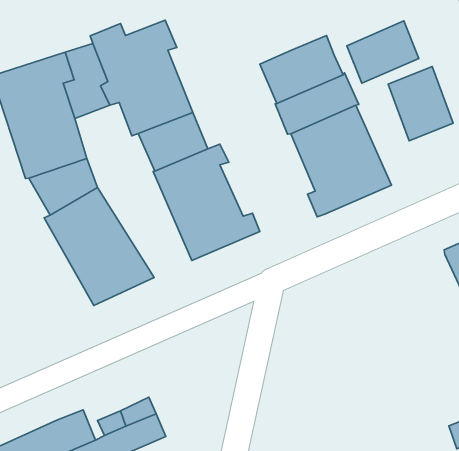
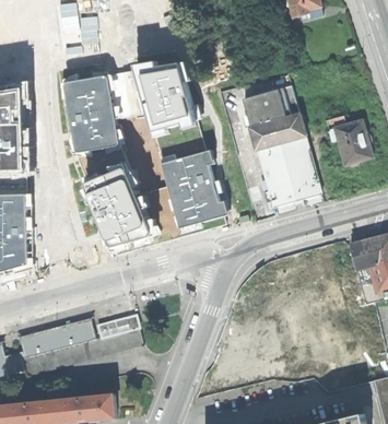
building: [347,21,419,83] -> none

